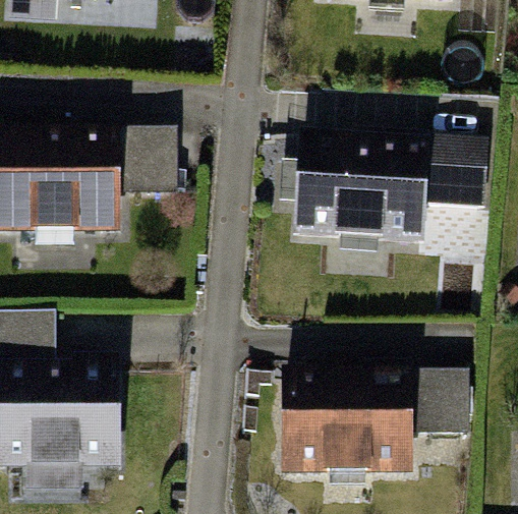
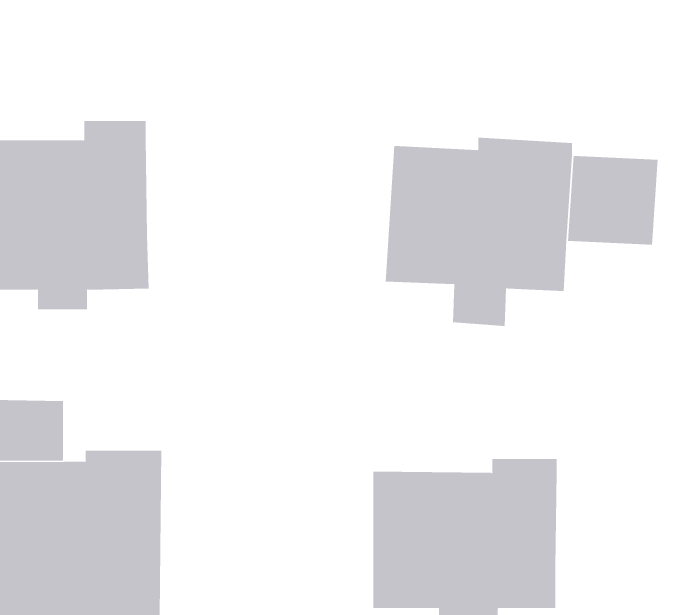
building: [114,133,177,205] -> none
building: [411,377,467,446] -> none

